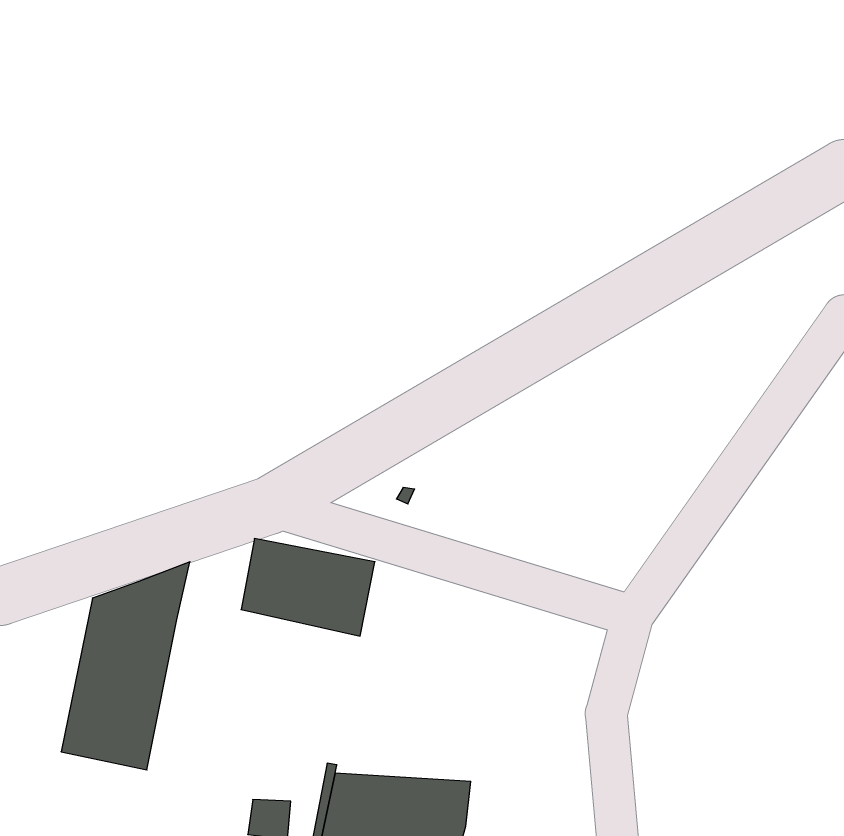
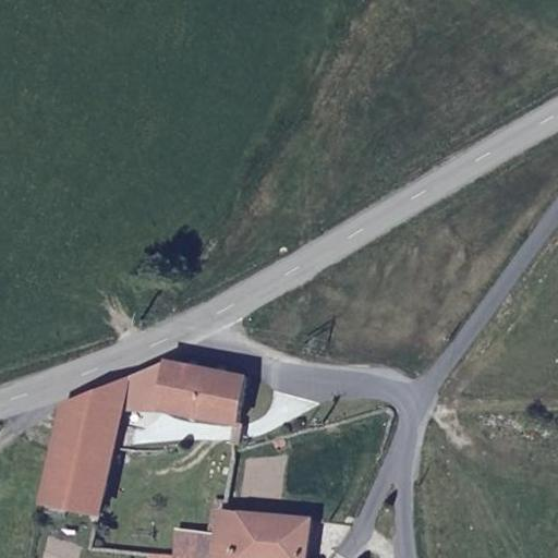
building: none -> [117,361,168,414]

